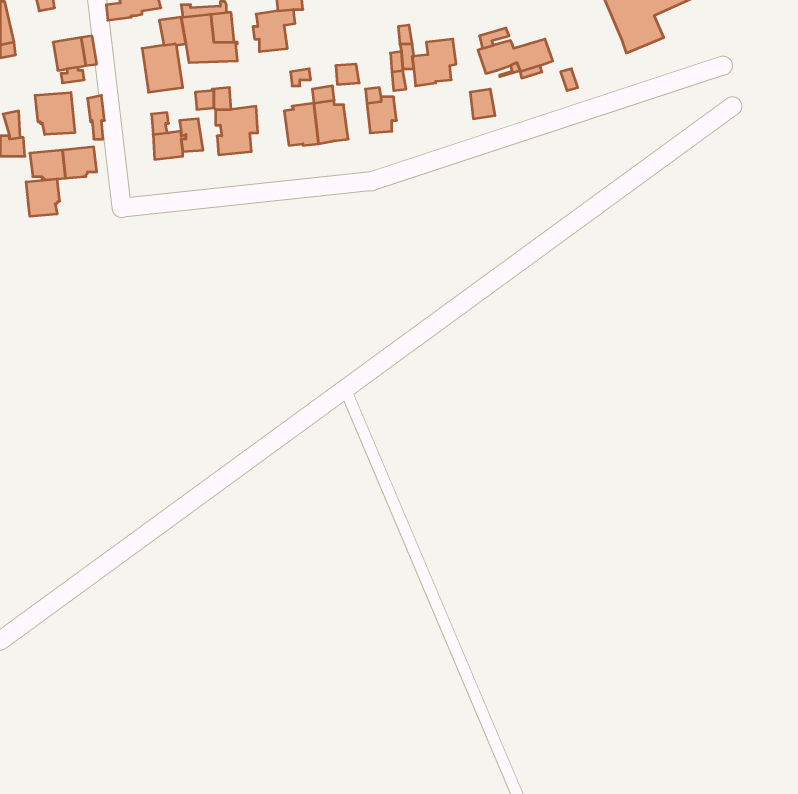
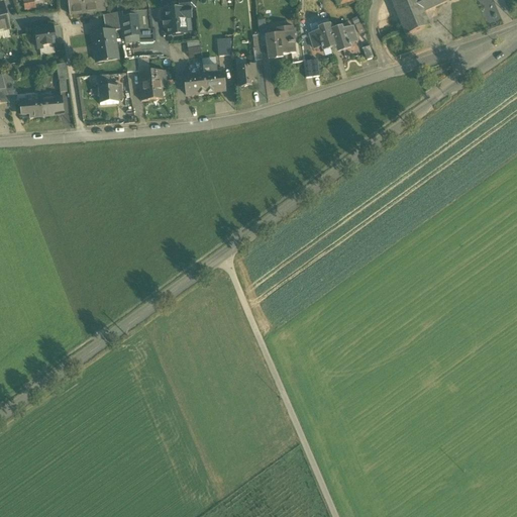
building: [35,92,75,135] -> none
building: [26,179,60,216] -> none

